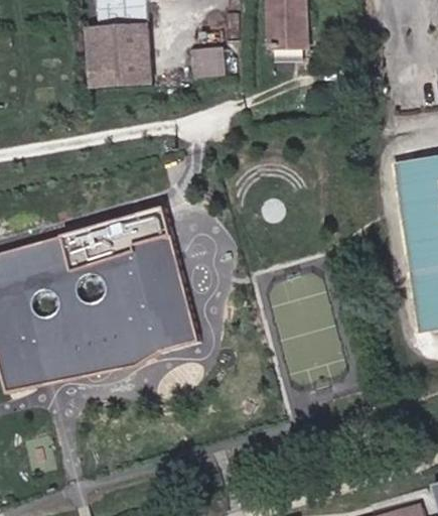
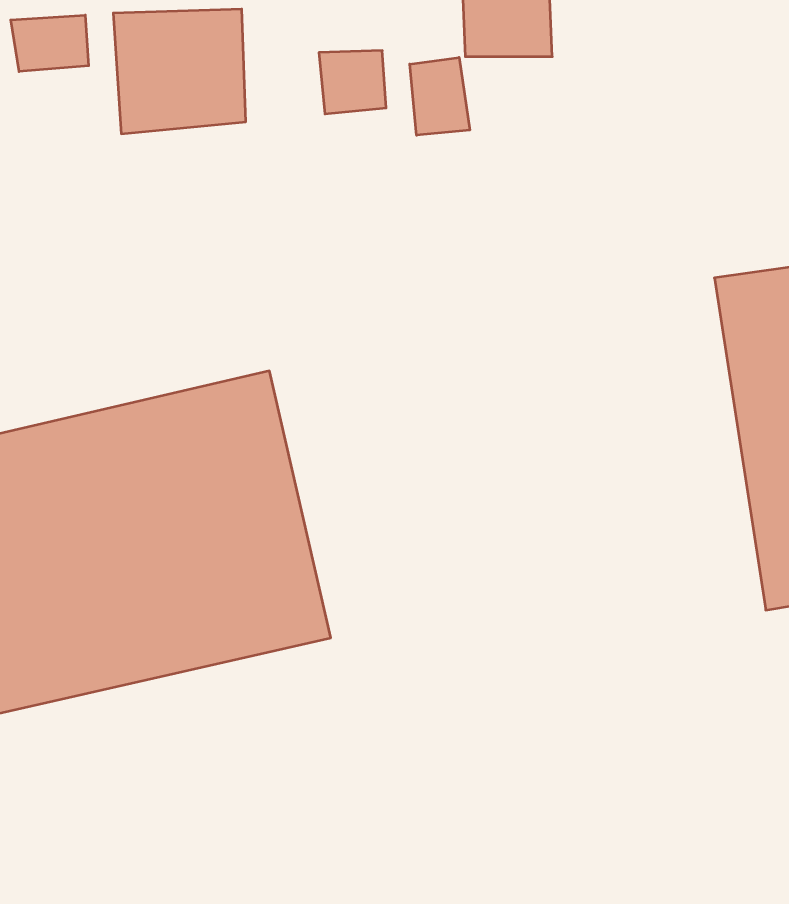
building: none -> [11,15,89,72]
building: none -> [410,57,470,135]

